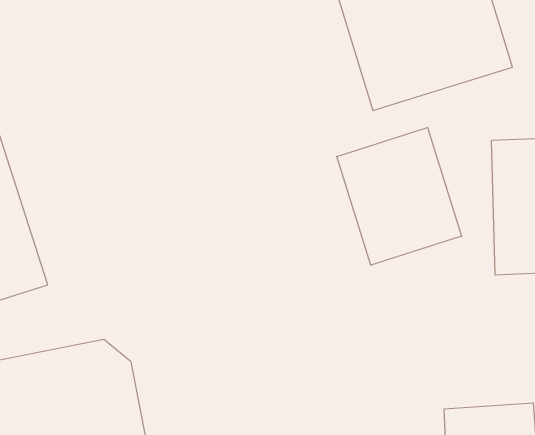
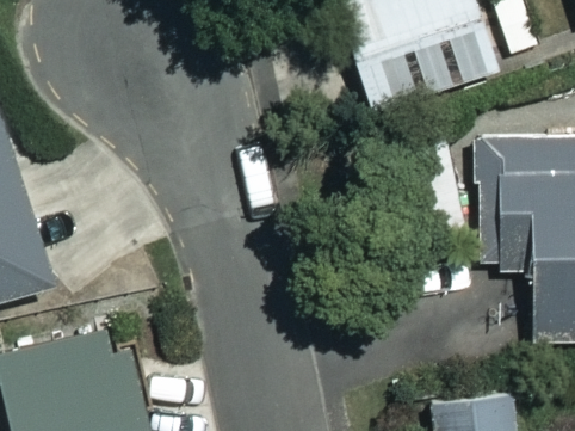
building: [337,127,461,265] -> none

